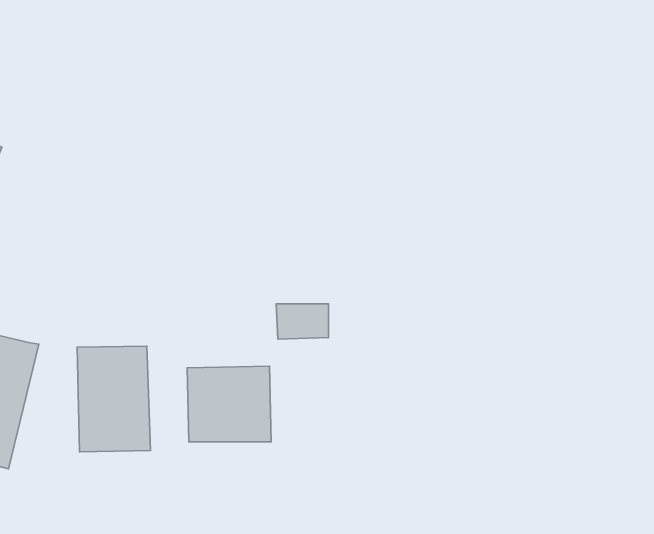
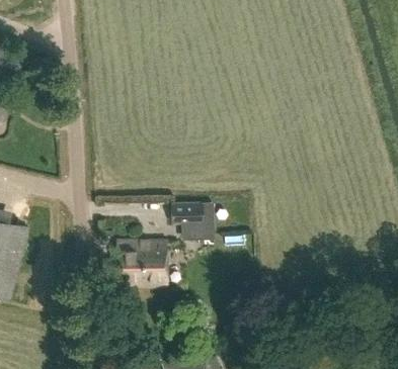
building: none -> [185,202,218,243]
building: [77,346,151,452] -> none

